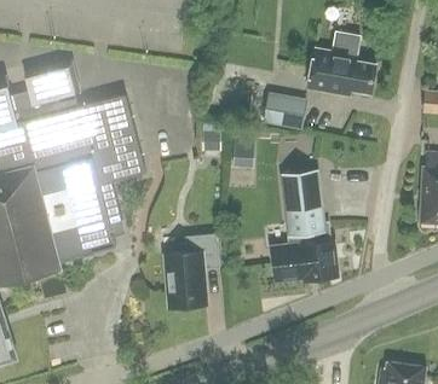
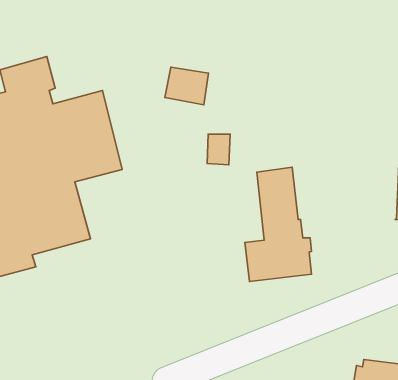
building: [309,31,380,97] -> none
building: [263,93,306,130] -> [165,67,209,105]
building: [162,234,220,309] -> none

